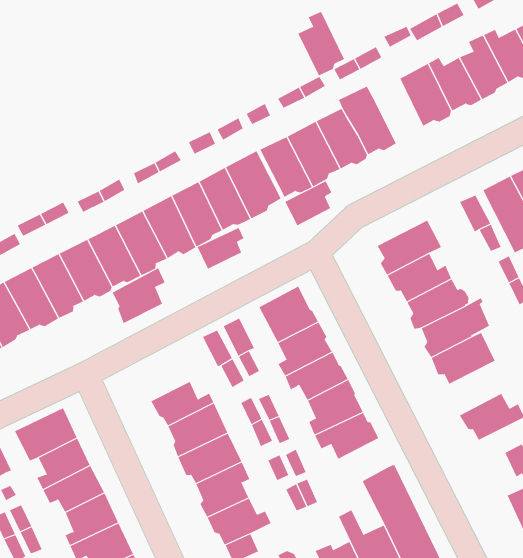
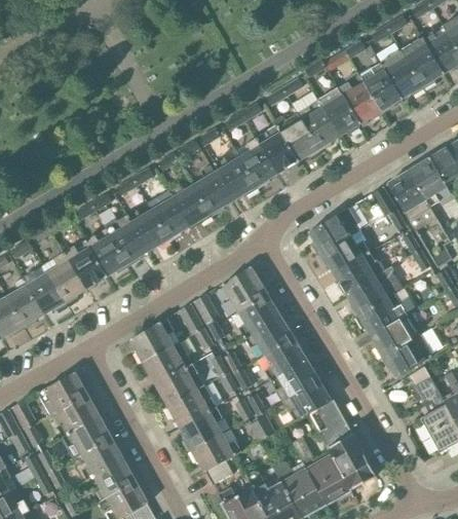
building: [297,11,345,76] -> [300,101,338,151]
building: [285,181,332,226] -> none
building: [197,227,244,269] -> none
building: [112,268,166,324] -> [130,318,171,363]
building: none -> [371,314,412,359]
building: none -> [282,380,330,422]

